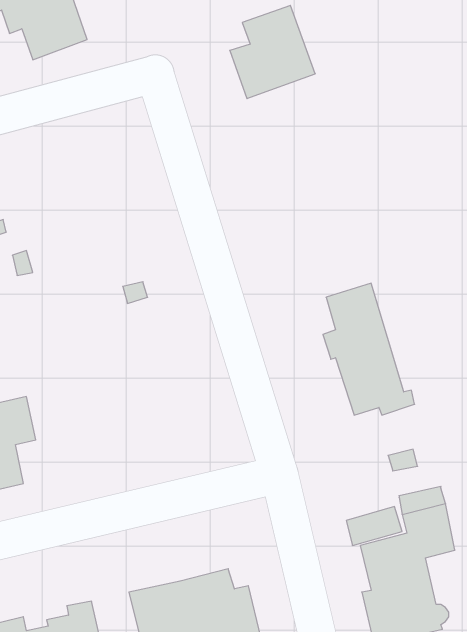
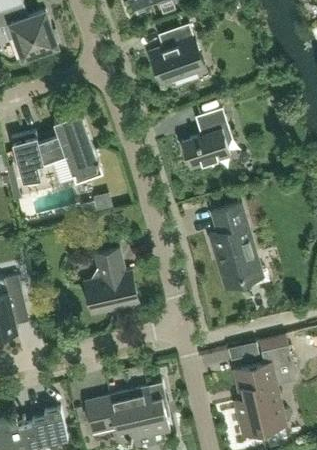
building: none -> [180,108,232,169]
building: none -> [10,113,102,184]
building: none -> [84,250,138,314]

